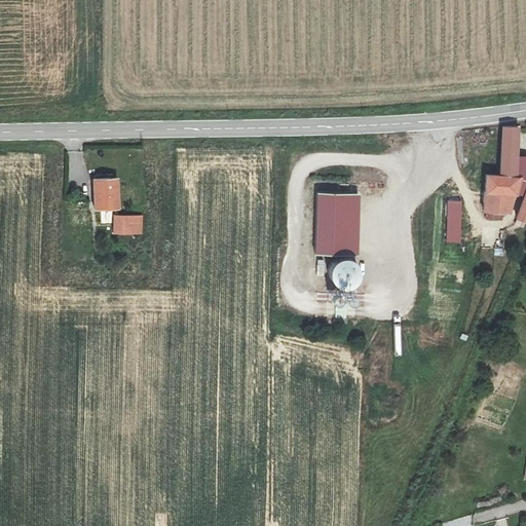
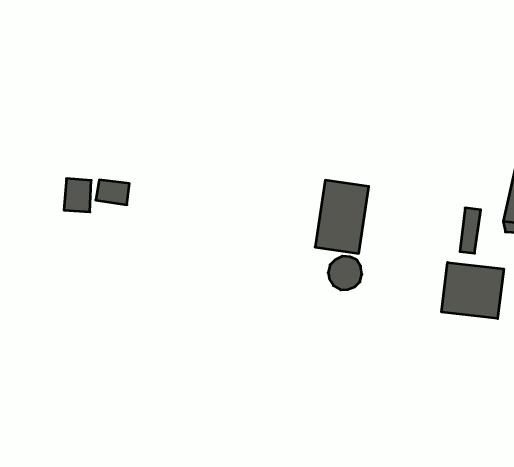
building: [93,179,118,209] -> [64,179,91,212]
building: none -> [442,262,504,319]

